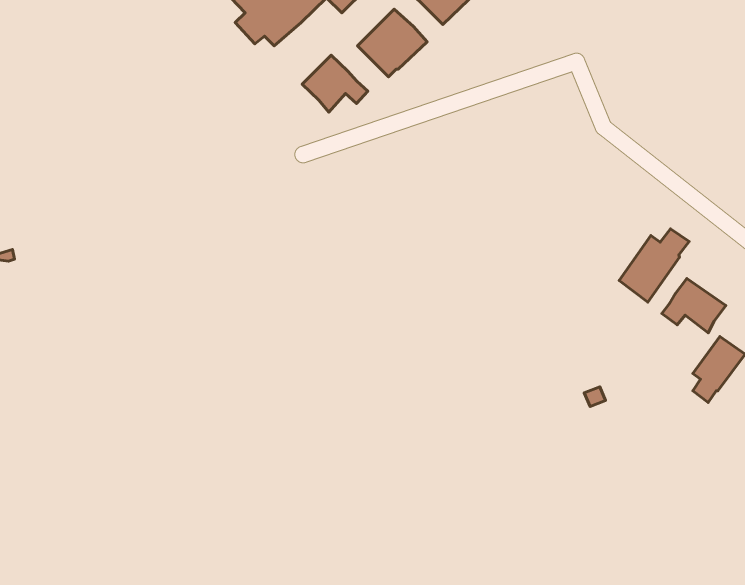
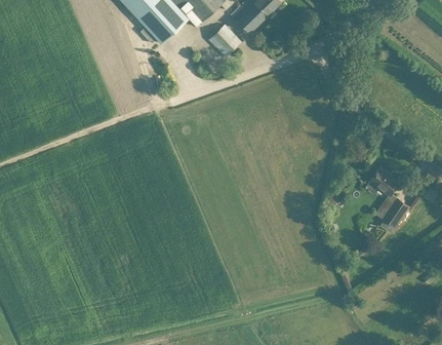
building: [302,55,368,112] -> none
building: [619,229,689,302] -> none

